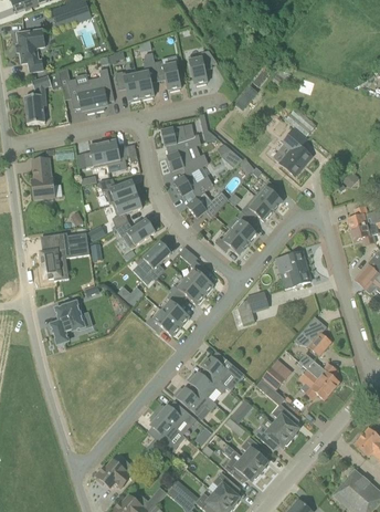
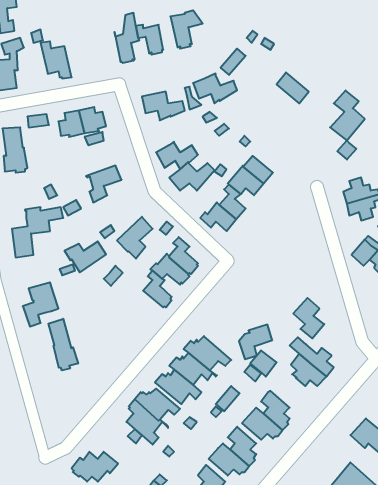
building: [114,70,140,102] -> none
building: [88,71,114,112] -> none
building: [278,128,310,175] -> [330,90,365,140]
building: [166,147,207,175] -> [193,74,237,103]
building: [97,178,136,203] -> none
building: [115,219,154,248] -> [64,241,106,272]
building: [275,250,309,285] -> none
building: [236,291,267,323] -> [239,325,272,359]
building: [145,307,180,335] -> none
building: none -> [48,319,78,370]

